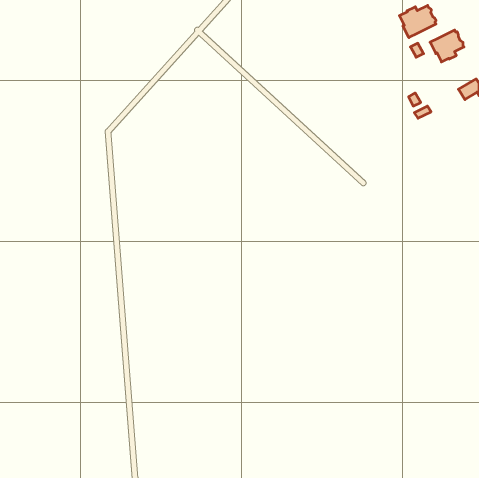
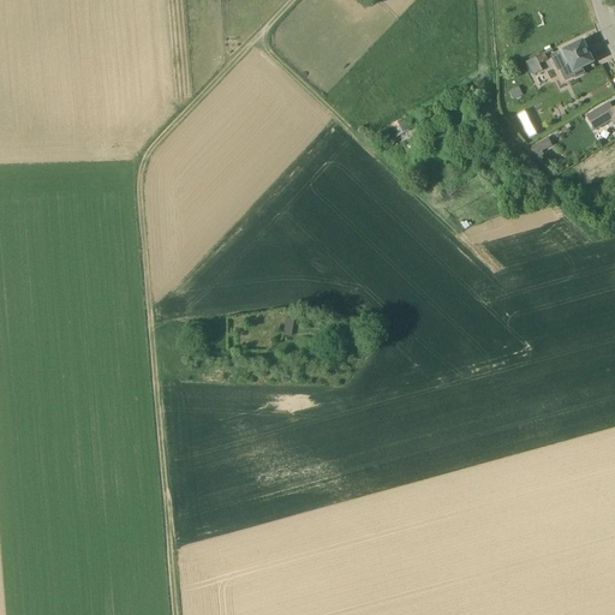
building: [399,5,436,38] -> none

